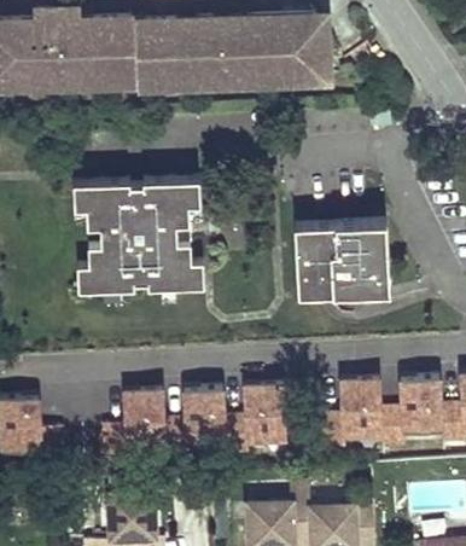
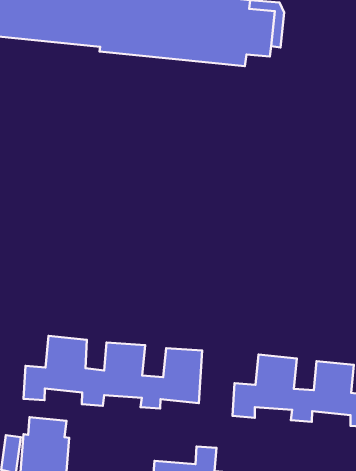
building: [74,179,205,292] -> none
building: [296,221,389,296] -> none

